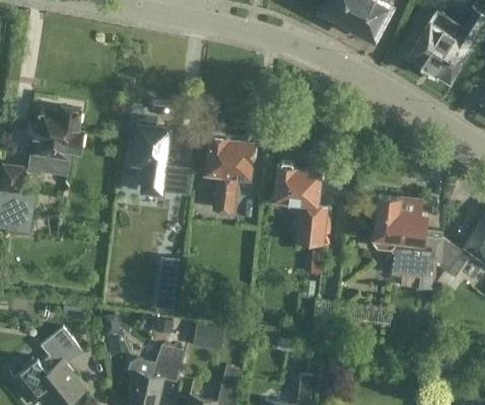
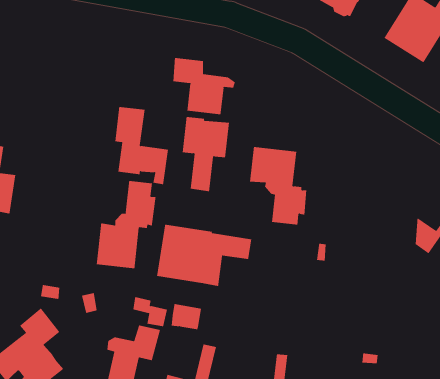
building: none -> [173,57,236,115]
building: [27,108,83,175] -> none
building: [373,194,443,290] -> none
building: none -> [96,180,156,269]
building: none -> [157,224,252,287]

